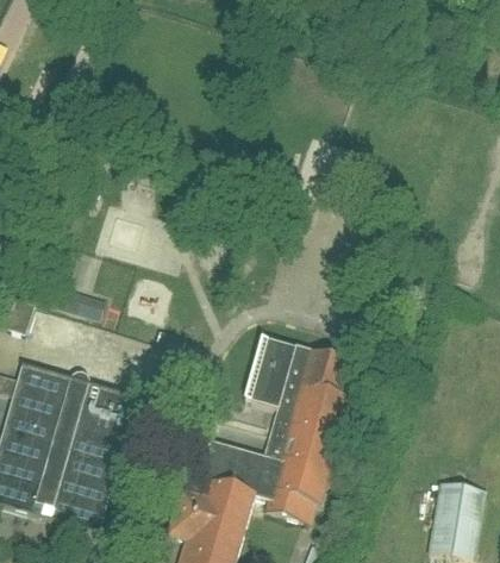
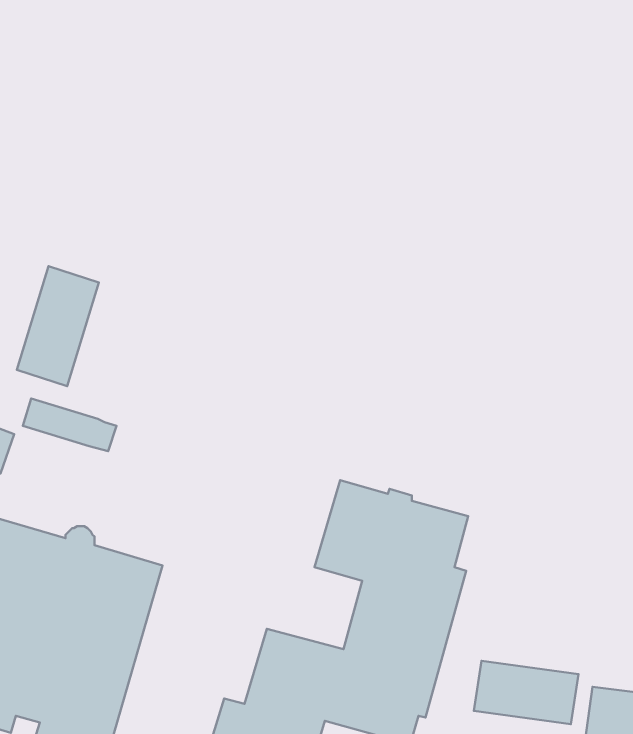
building: none -> [17,266,99,386]
building: none -> [474,661,578,724]

